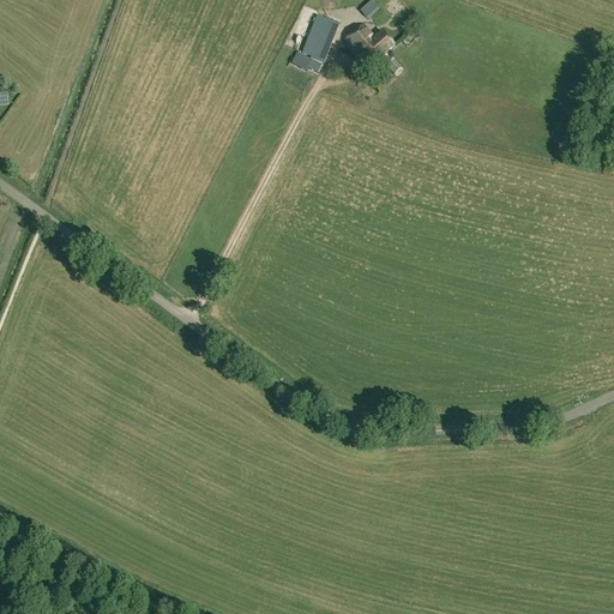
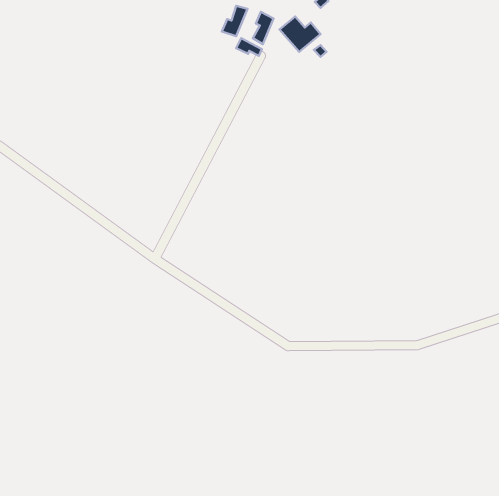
building: none -> [222,6,248,36]

